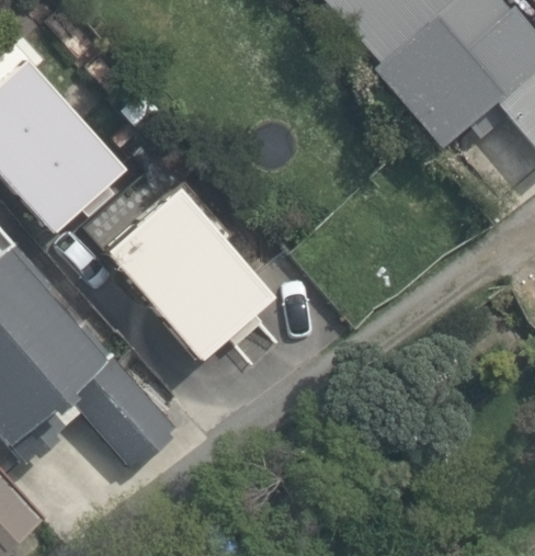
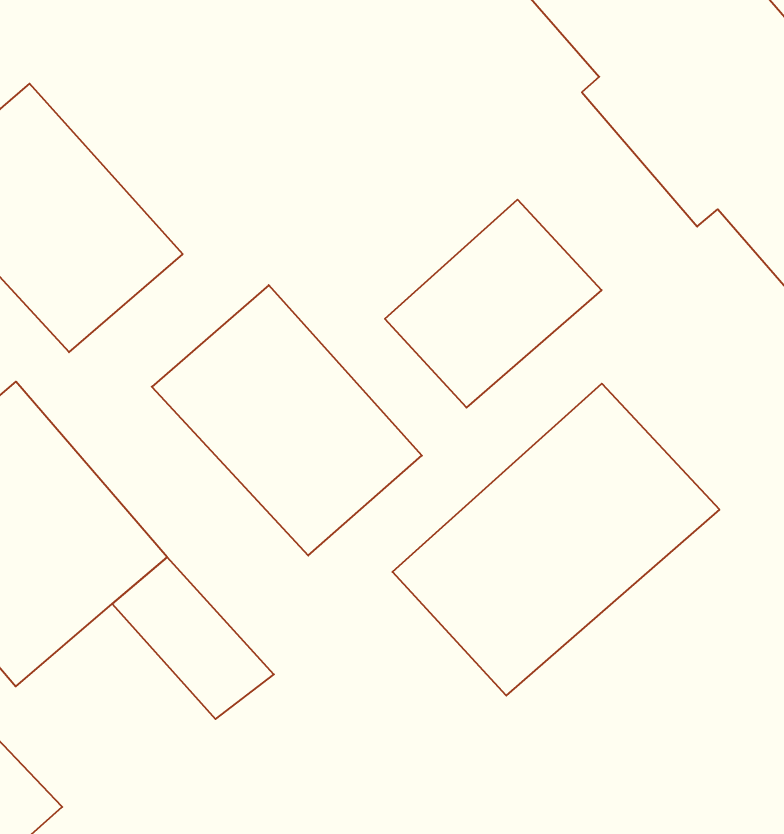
building: none -> [385,200,602,408]
building: none -> [392,384,719,696]

